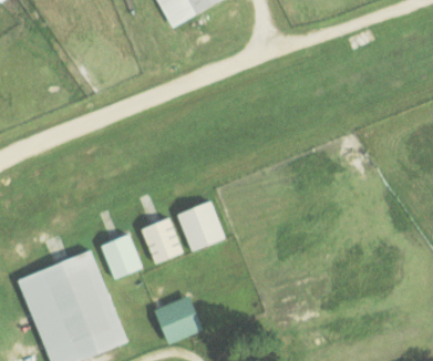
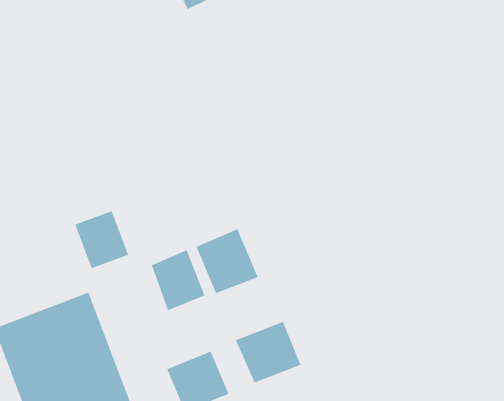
building: [100,233,143,279] -> [74,210,129,269]
building: none -> [235,321,301,383]

